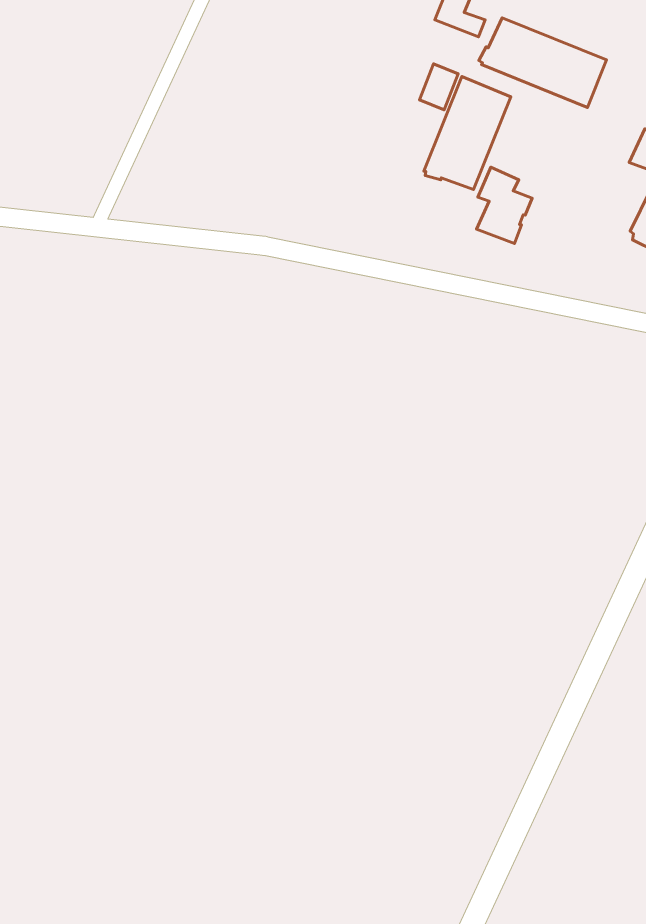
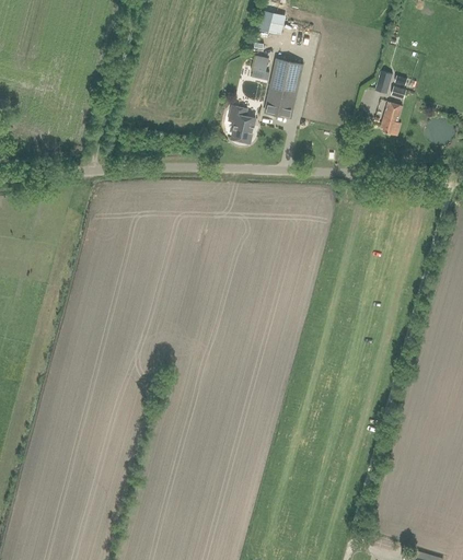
building: [479,18,606,107] -> none
building: [476,167,532,244] -> [227,104,256,143]

